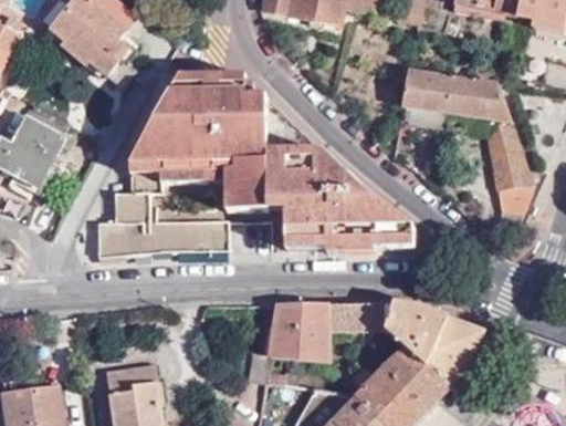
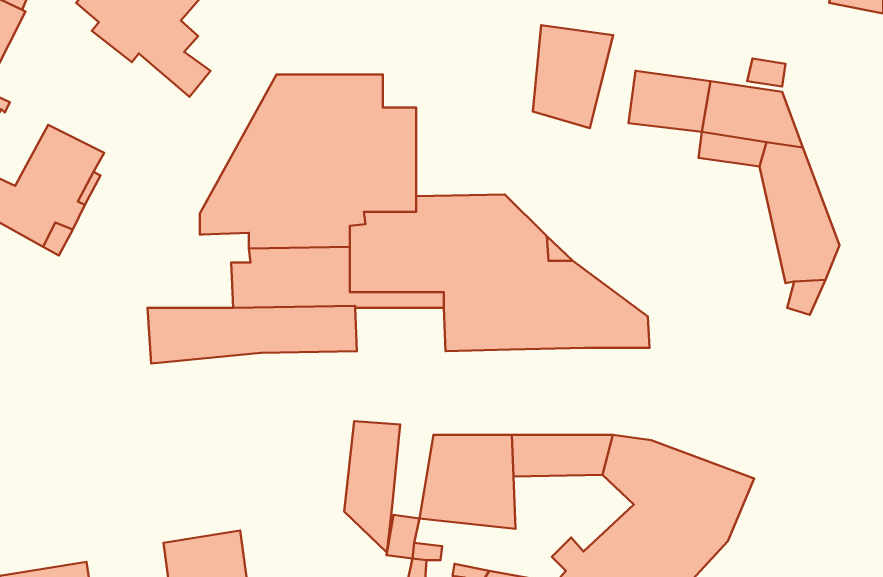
building: none -> [533,25,613,128]
building: [114,174,161,221] -> none
building: none -> [344,421,400,552]

